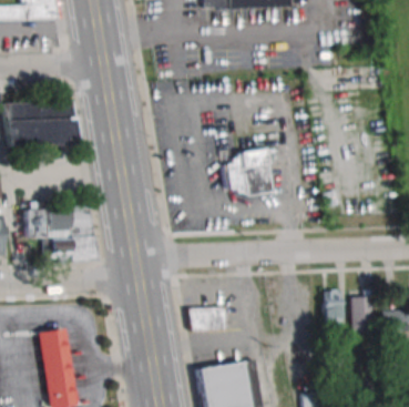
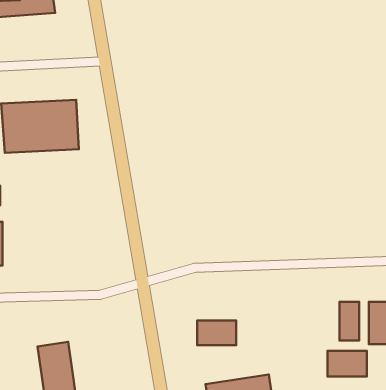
building: [222,147,274,196] -> none
building: [27,208,95,263] -> none
building: none -> [327,351,367,376]

